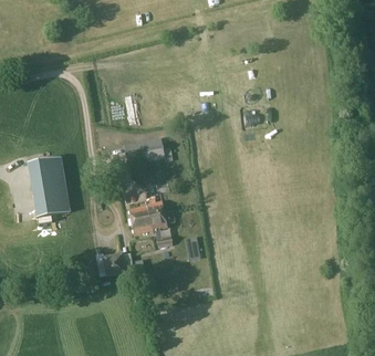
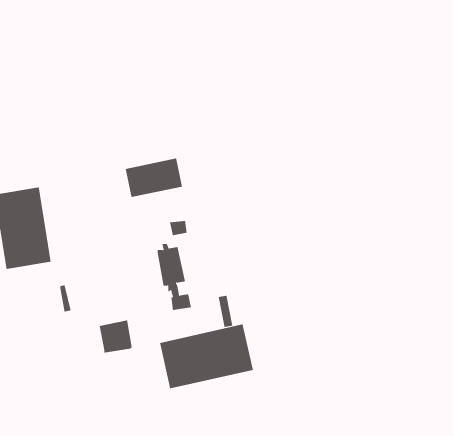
building: [127,205,149,232] -> none
building: none -> [160,324,253,389]

